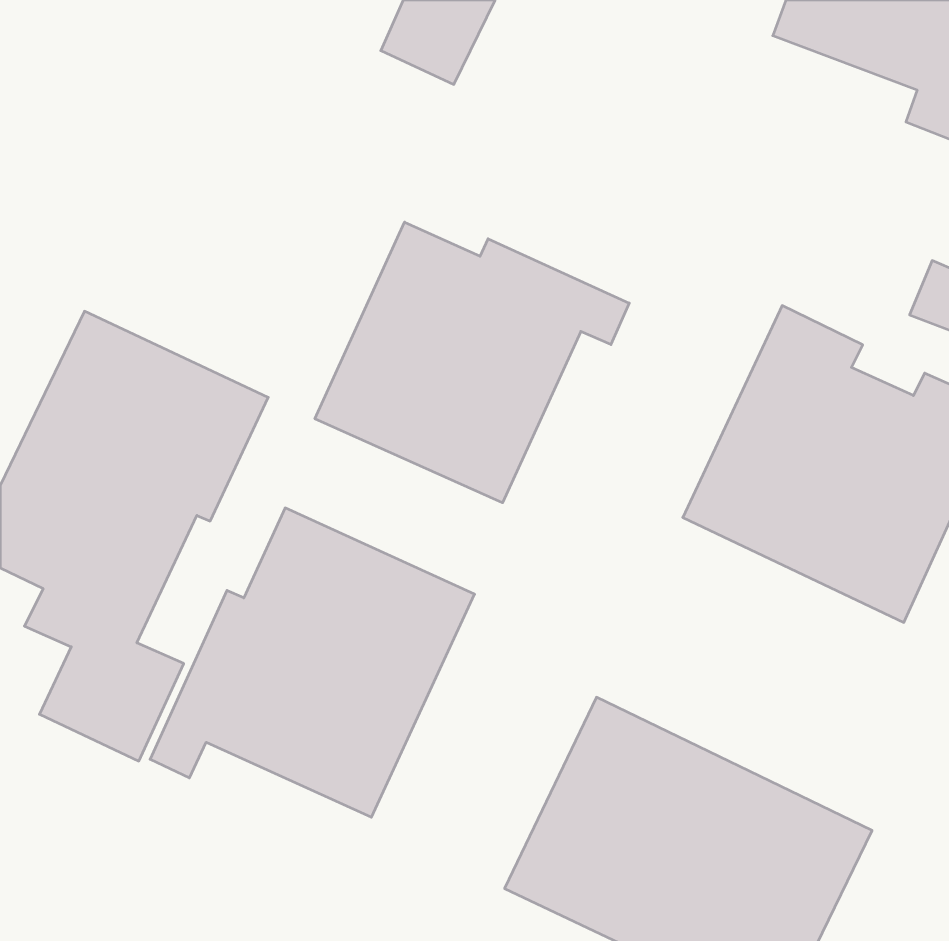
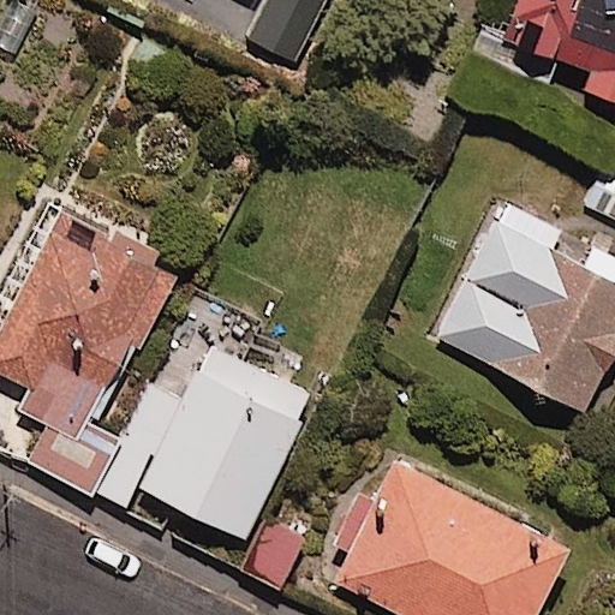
building: [315,222,629,503] -> none

